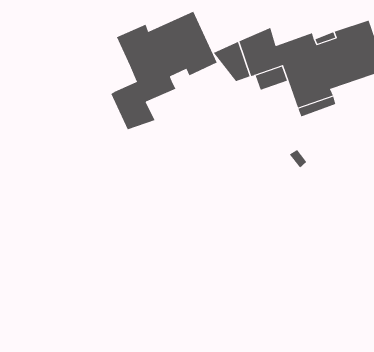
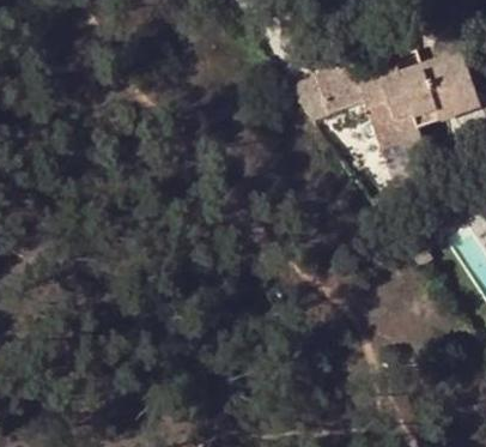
building: [111,11,217,130] -> none

